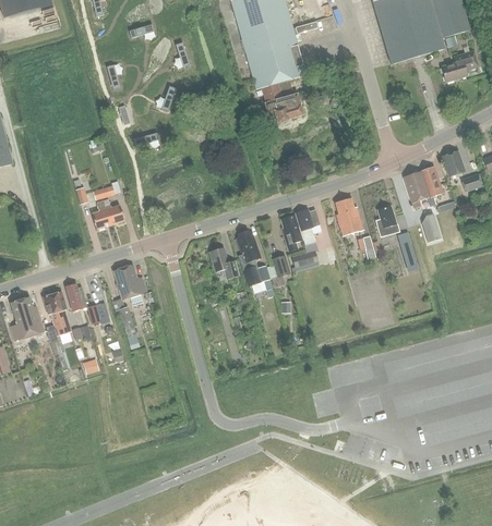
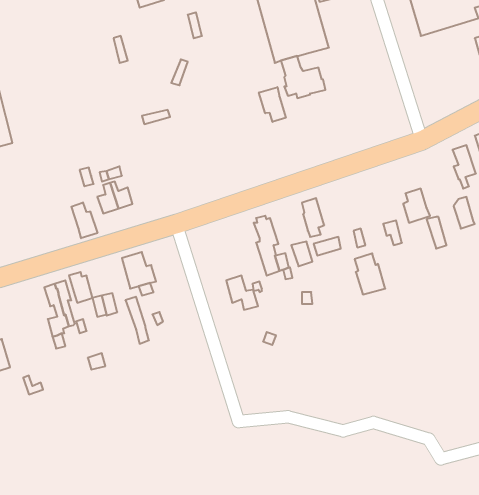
building: none -> [259,87,286,122]
building: [403,170,425,207] -> none
building: [334,196,362,234] -> [355,253,385,294]
building: [295,208,319,243] -> none
building: none -> [71,202,97,238]
building: [209,246,239,278] -> [226,276,258,310]
building: [10,295,43,340] -> none

